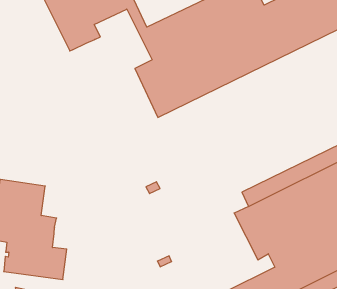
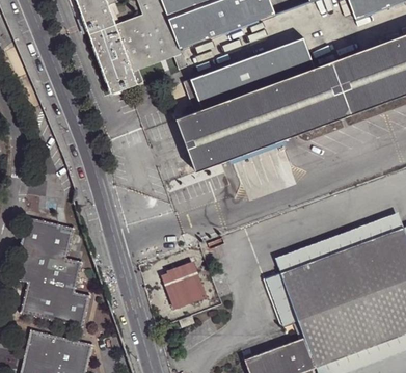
building: none -> [163,264,205,308]

